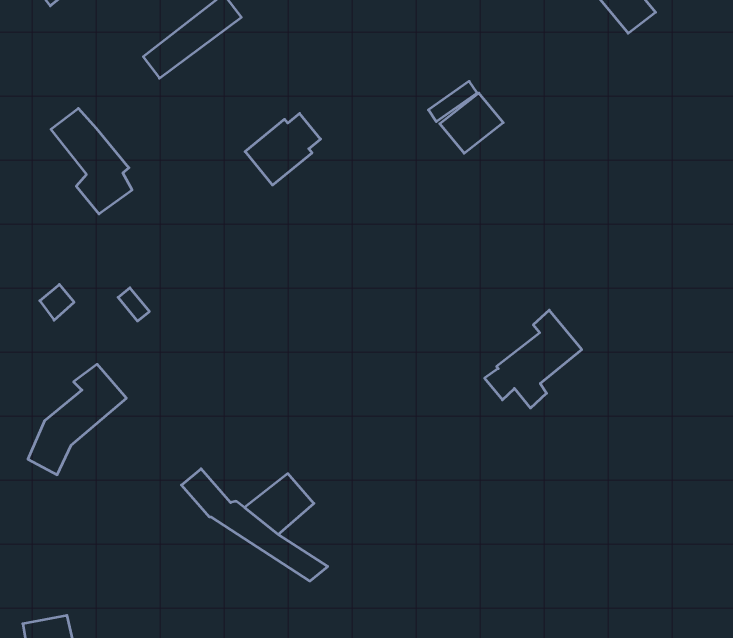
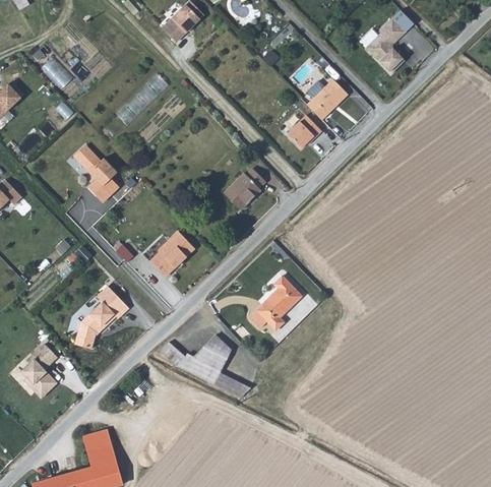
building: none -> [307,78,348,118]
building: [245,113,321,185] -> [222,168,263,209]
building: none -> [150,231,197,279]
building: [485,310,582,408] -> [248,275,301,330]

